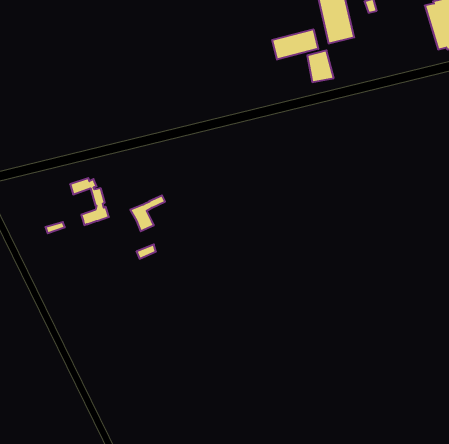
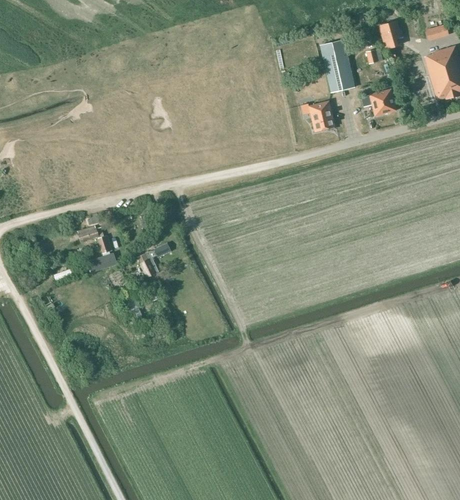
building: [272,29,318,60] -> none
building: none -> [368,88,395,115]

